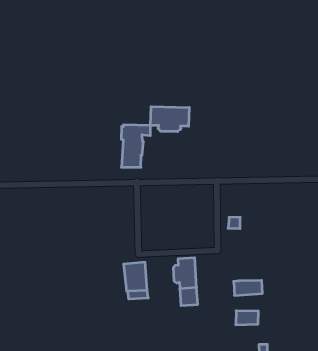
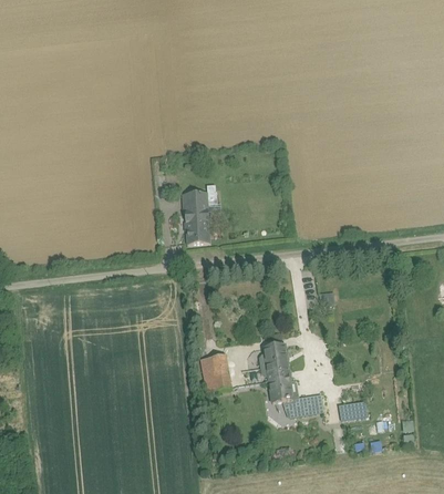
building: [150,107,189,132] -> none
building: [234,280,262,295] -> [287,395,322,416]

